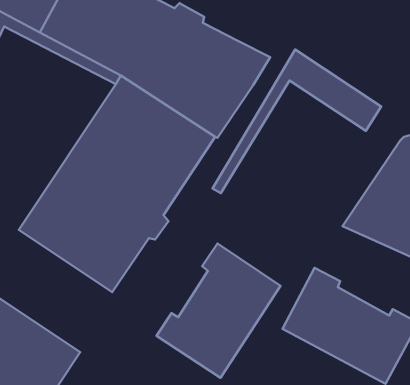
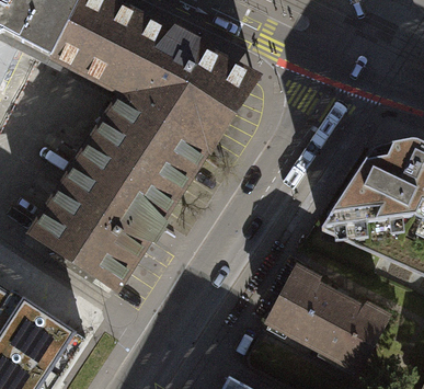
building: [212,49,381,193] -> none
building: [156,244,281,378] -> none

